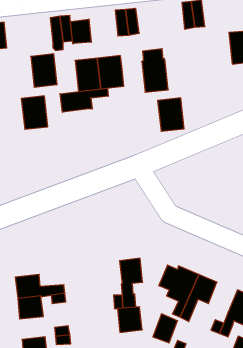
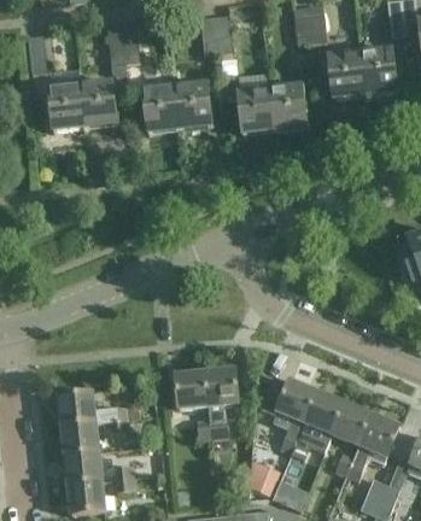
building: [71,19,91,44] -> none
building: none -> [317,48,366,99]
building: [60,88,108,112] -> none
building: [21,96,48,129] -> [48,84,86,131]
building: [158,98,184,131] -> [270,84,308,131]
building: none -> [332,403,373,445]
building: [117,307,142,332] -> [175,373,210,409]
building: none -> [65,451,101,484]

